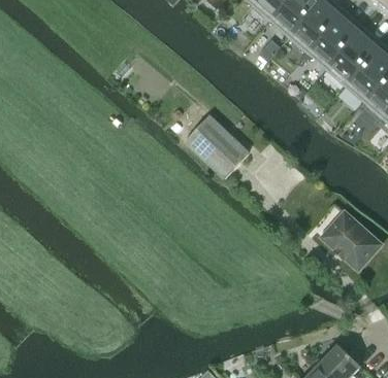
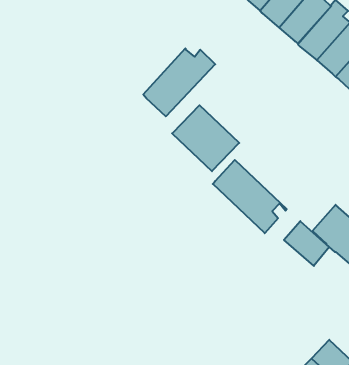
building: none -> [143,48,215,116]
building: none -> [213,160,287,233]
building: none -> [284,221,329,266]

